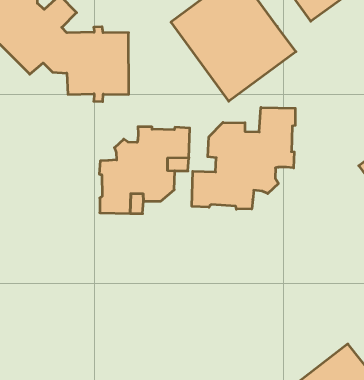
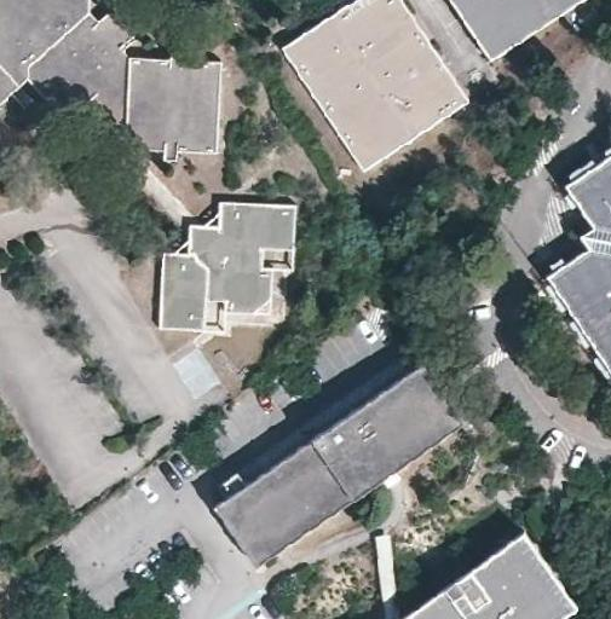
building: [192,107,295,209] -> none
building: none -> [215,364,462,563]

